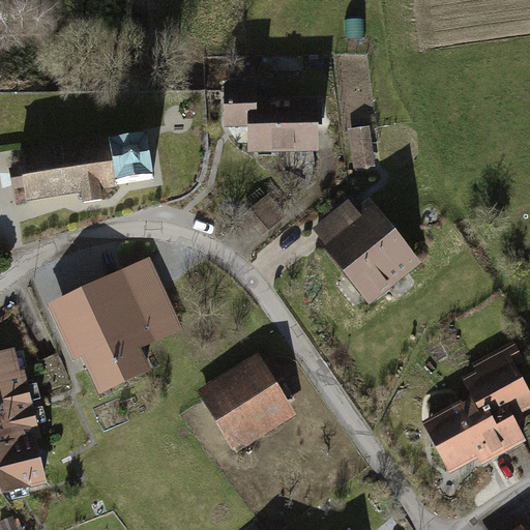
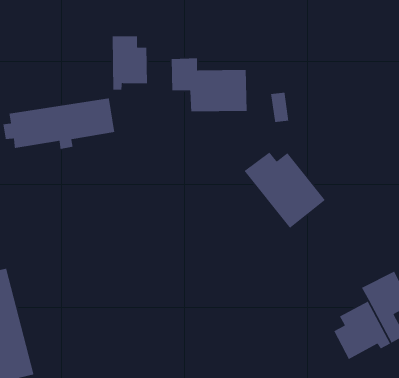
building: none -> [112,35,148,91]
building: [60,259,179,392] -> none
building: [201,352,286,440] -> none

